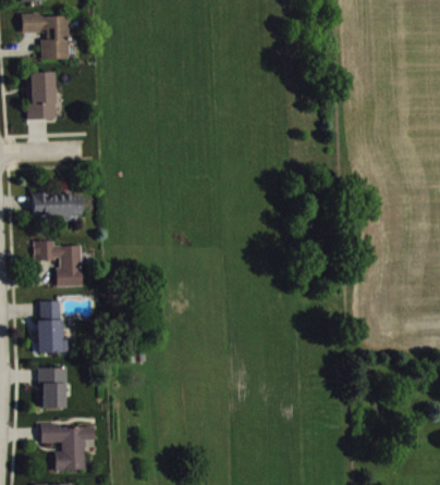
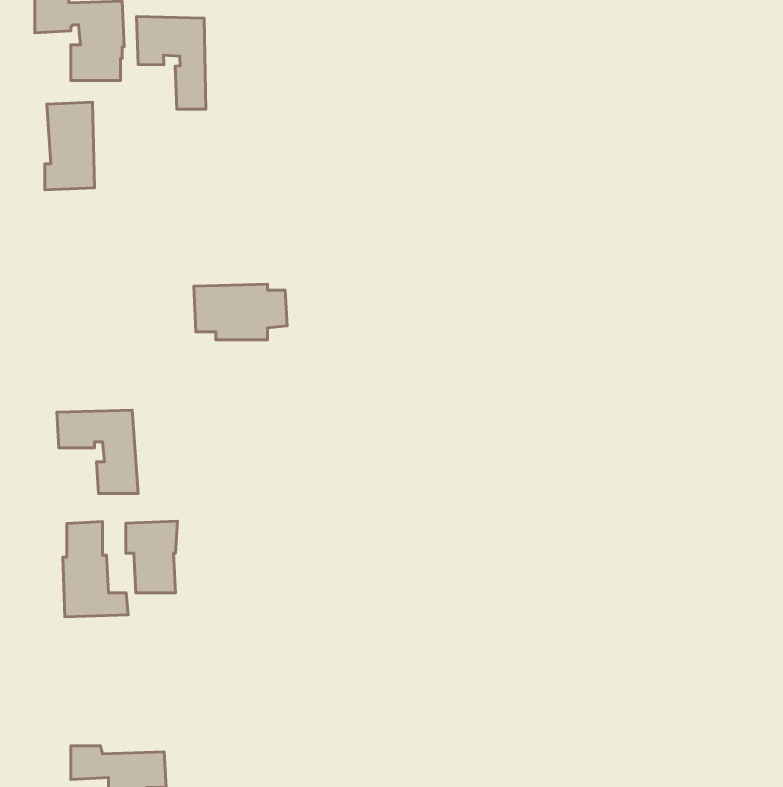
building: none -> [136,17,206,109]
building: [32,191,83,222] -> [194,284,287,340]
building: [38,366,66,406] -> [126,521,177,593]

